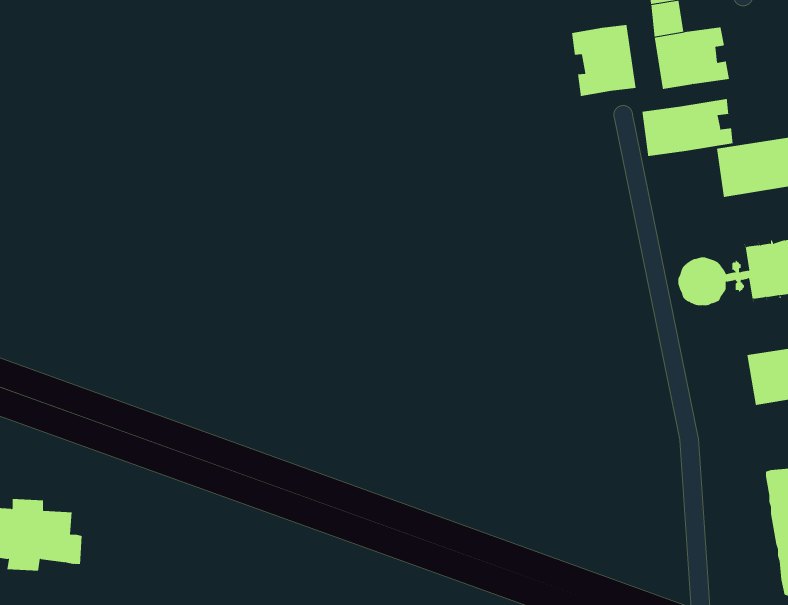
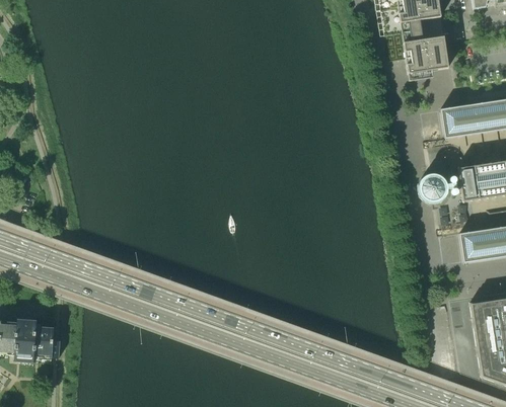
building: [571,24,636,97] -> none
building: [642,98,733,157] -> none

